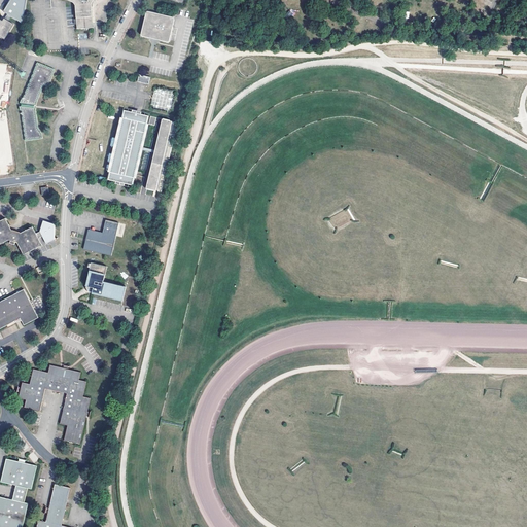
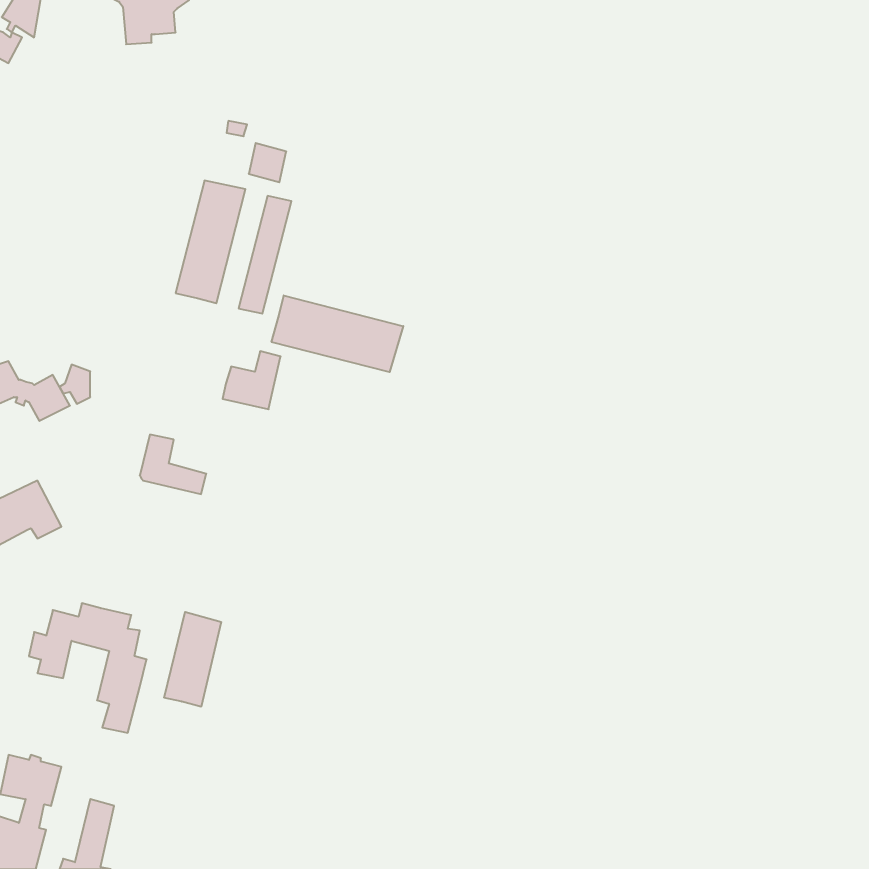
building: [139,9,172,40] -> none
building: [19,61,54,140] -> none
building: none -> [272,295,403,372]
building: [82,219,117,254] -> [223,351,281,409]
building: none -> [164,612,221,707]

